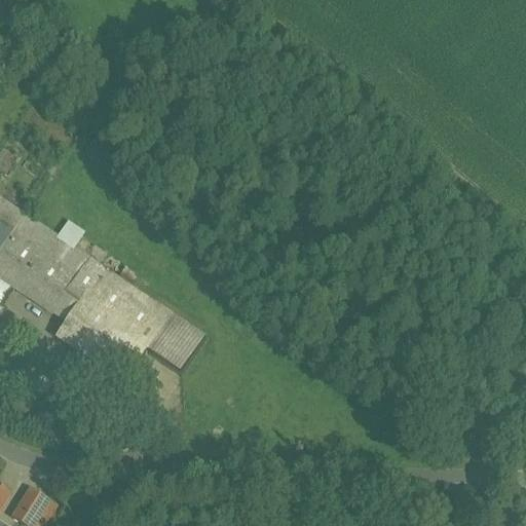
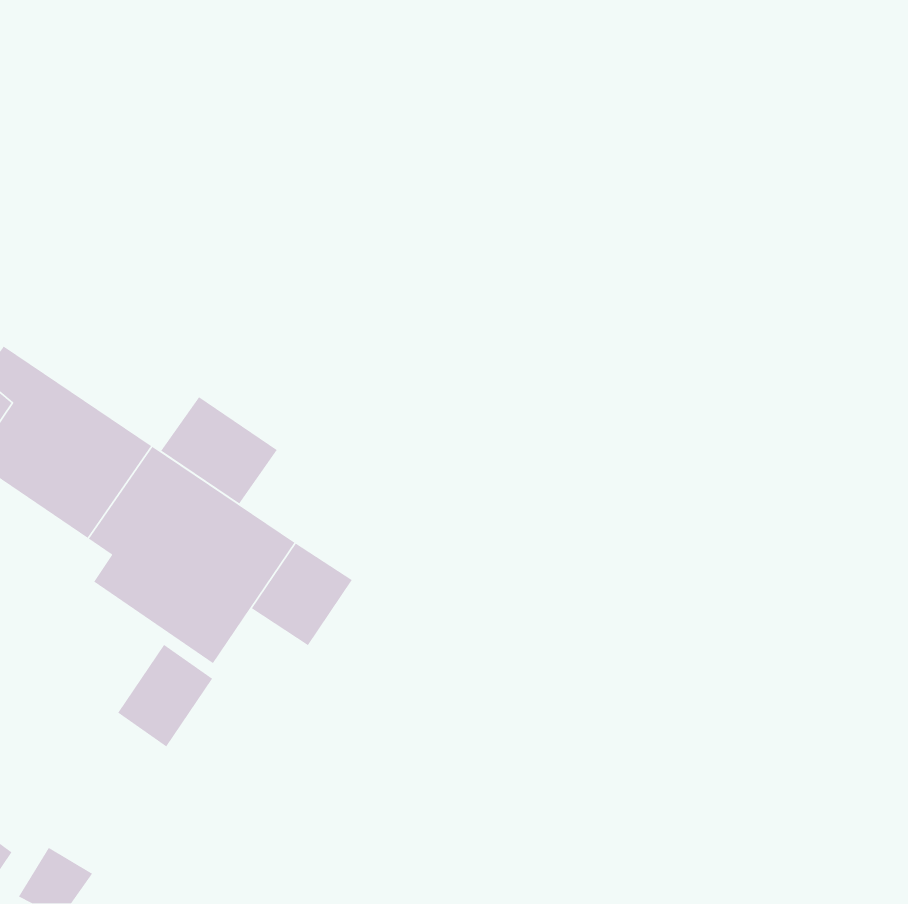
building: none -> [160,396,278,505]
building: none -> [117,644,213,748]

